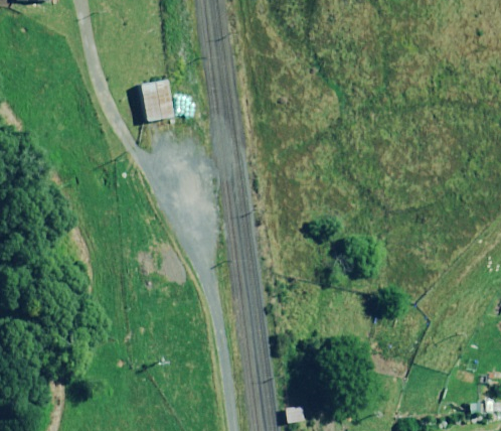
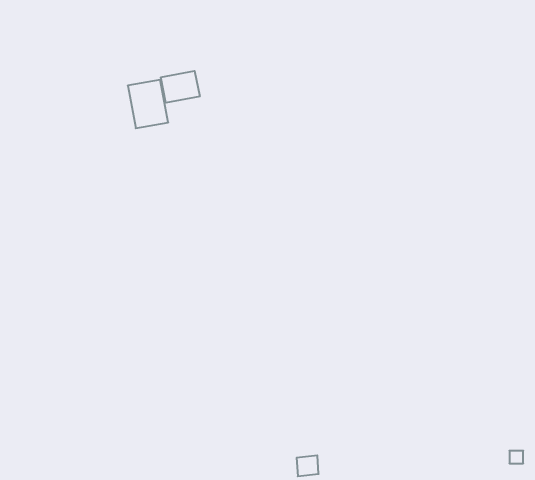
building: none -> [161,71,200,103]

